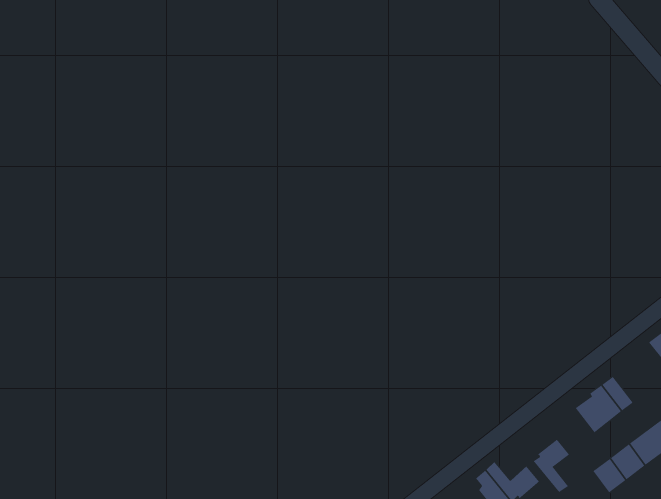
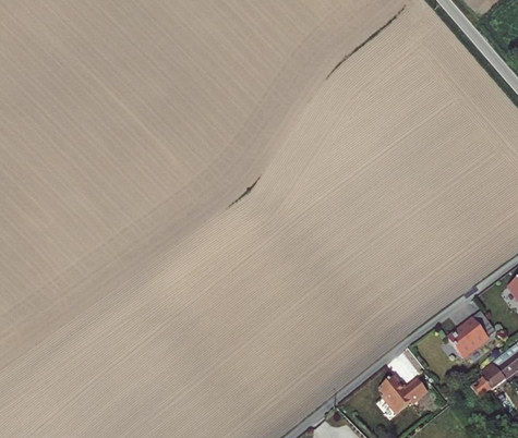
building: [533,439,570,493] -> none

